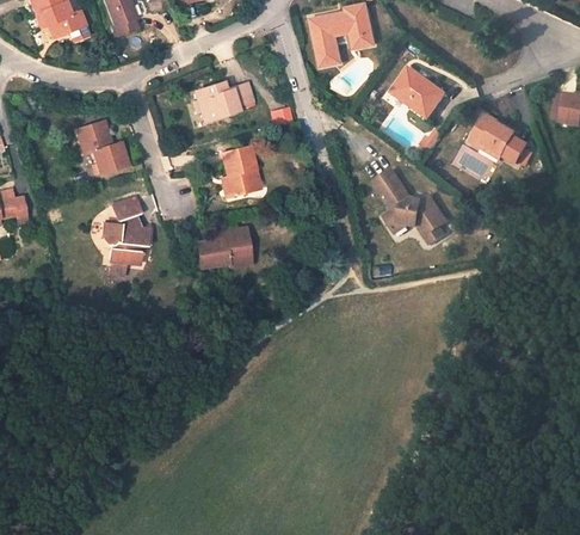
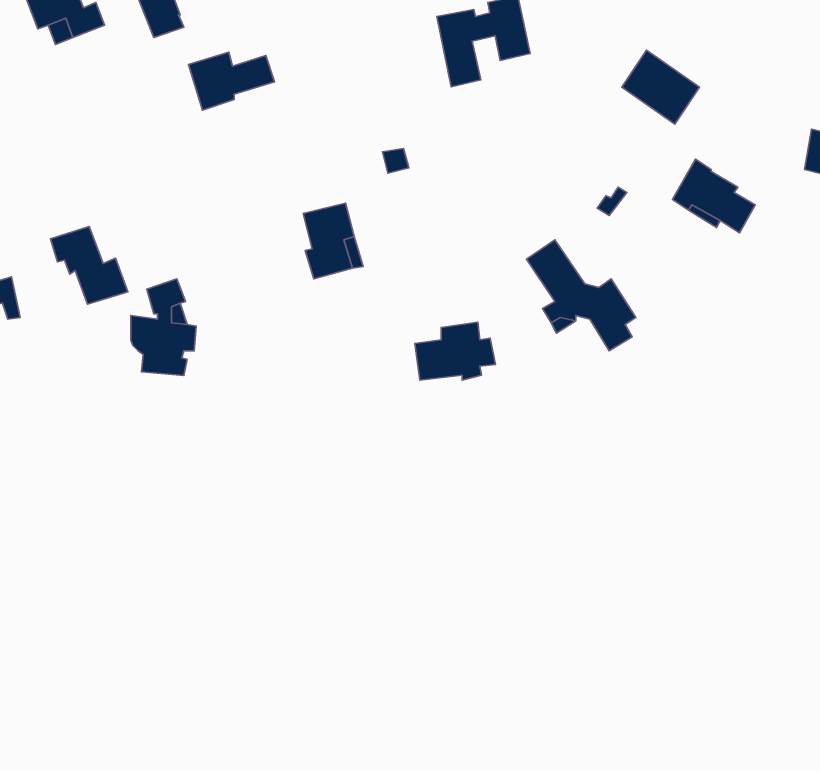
building: [391,68,444,118] -> [622,50,699,124]
building: [195,81,253,121] -> [188,52,275,110]
building: [76,119,129,172] -> [50,227,128,304]
building: [196,227,251,266] -> [415,322,496,380]

